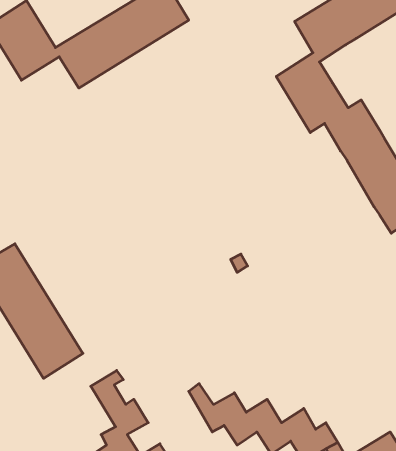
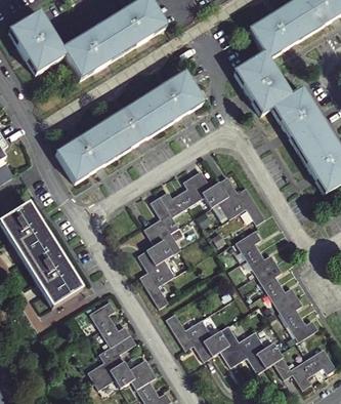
building: none -> [55,72,203,183]
building: none -> [137,170,264,308]
building: none -> [235,230,317,342]

